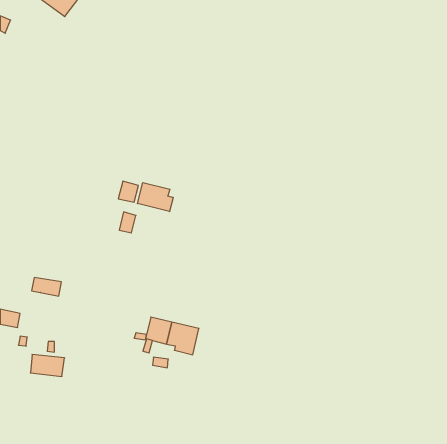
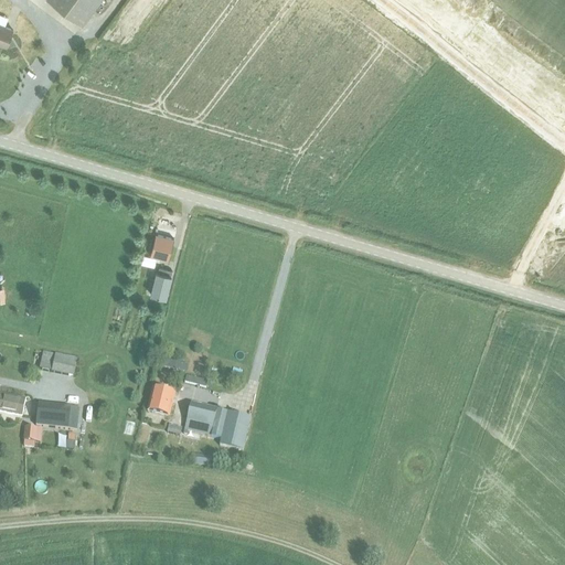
building: [137,183,173,212] -> none
building: none -> [148,385,172,414]
building: [30,354,65,376] -> [36,399,79,427]

